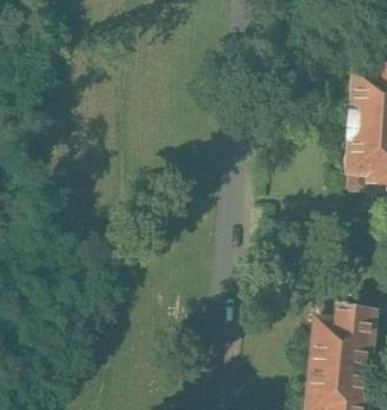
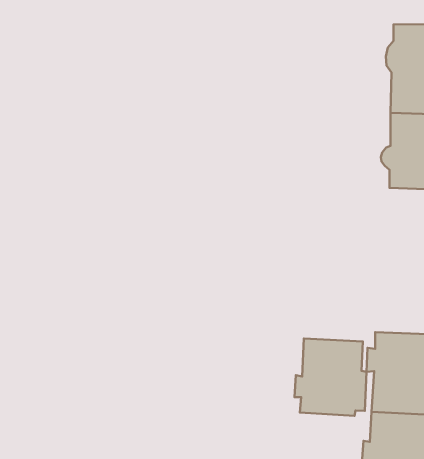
building: none -> [294,339,367,416]

